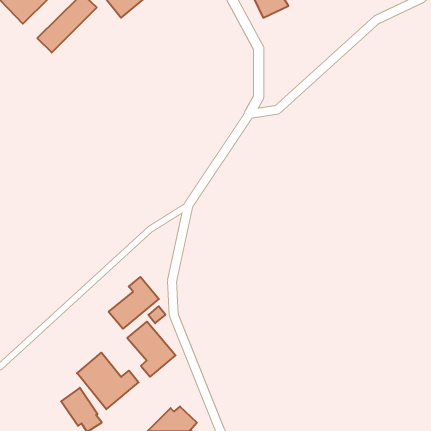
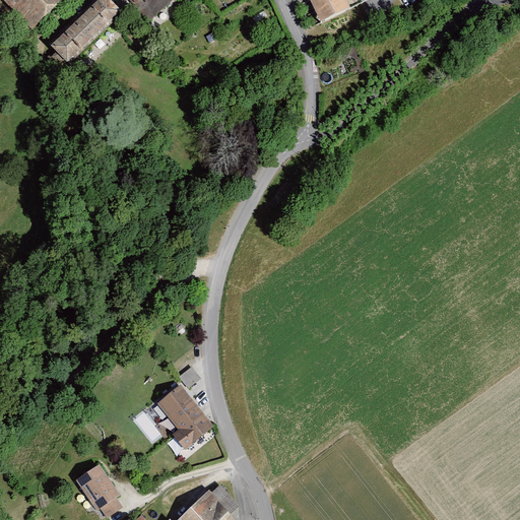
building: [109,277,159,329] -> none
building: [77,353,139,409] -> none

